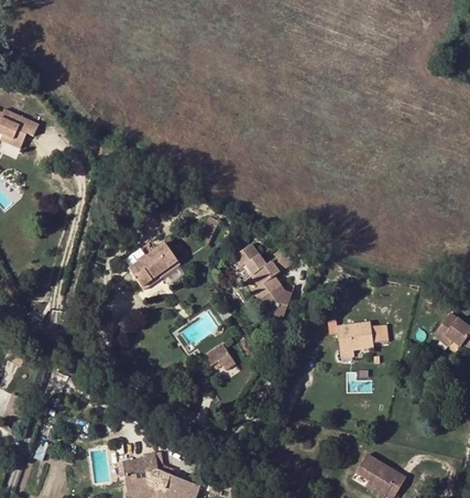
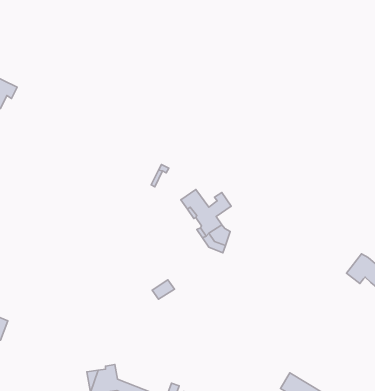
building: [129,240,178,286] -> none
building: [324,323,385,359] -> none

